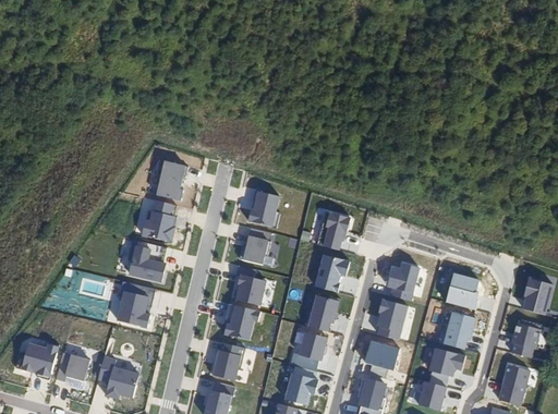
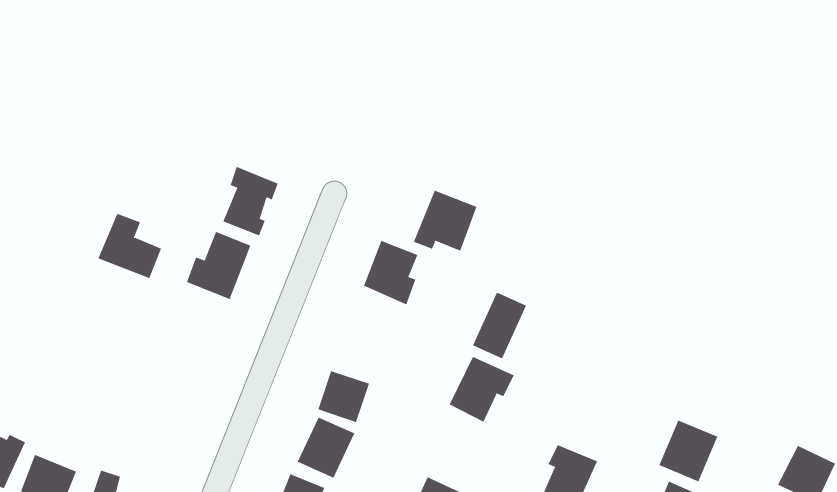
building: none -> [413,190,477,252]
building: [241,234,270,264] -> none
building: [125,245,163,282] -> [98,213,162,279]
building: [384,261,418,301] -> none
building: [118,282,158,324] -> none
building: [305,294,336,331] -> none

